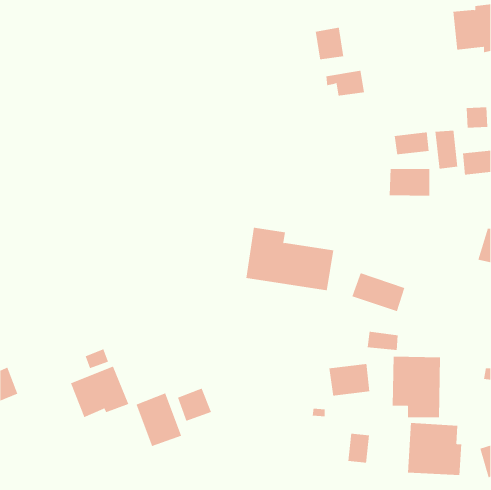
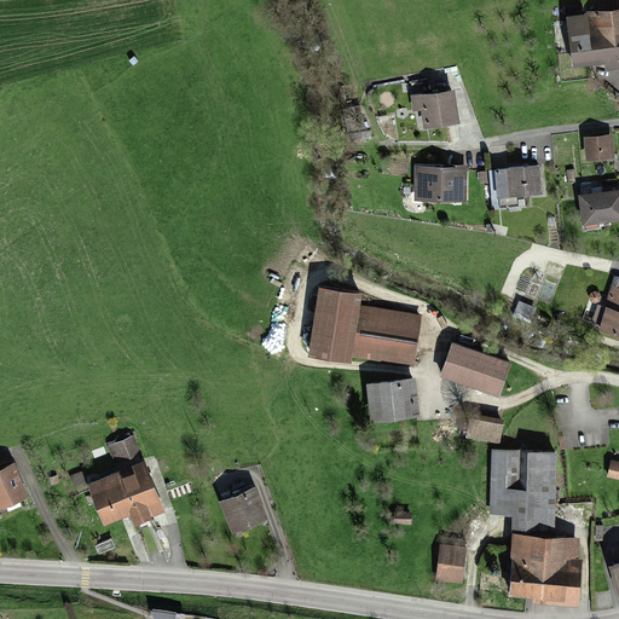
building: [315,27,344,60] -> none
building: [435,130,458,170] -> none
building: [389,168,430,196] -> [412,168,464,203]
building: [329,363,370,396] -> [366,377,418,418]
building: [136,392,182,447] -> none

